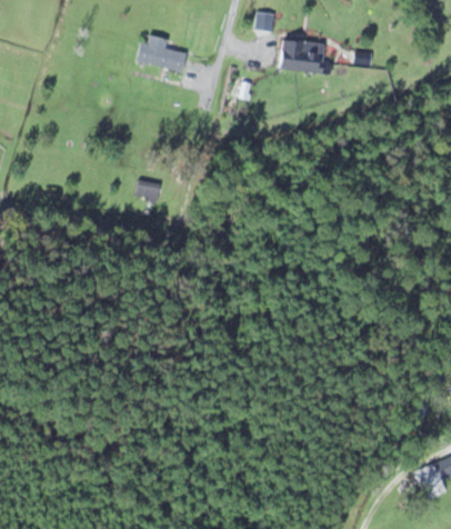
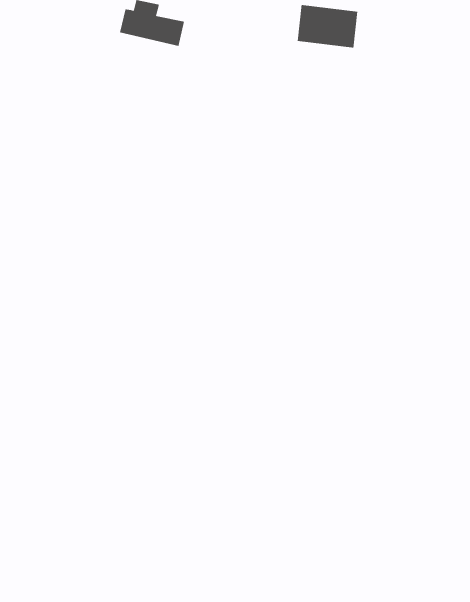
building: [134,179,162,203] -> none

